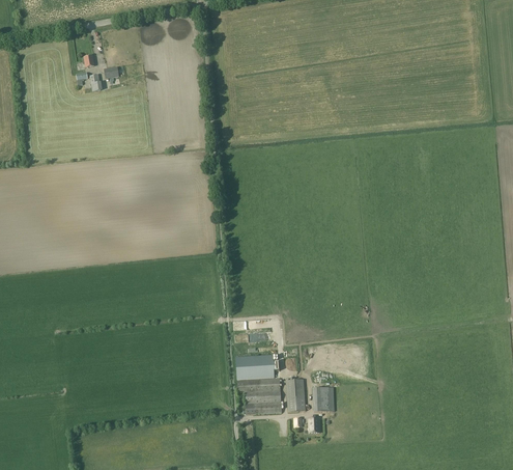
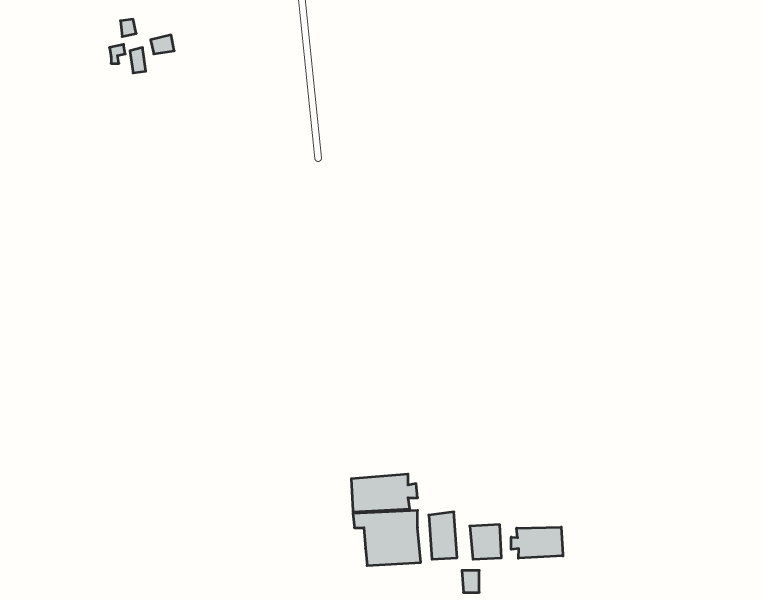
building: none -> [511,527,563,558]

